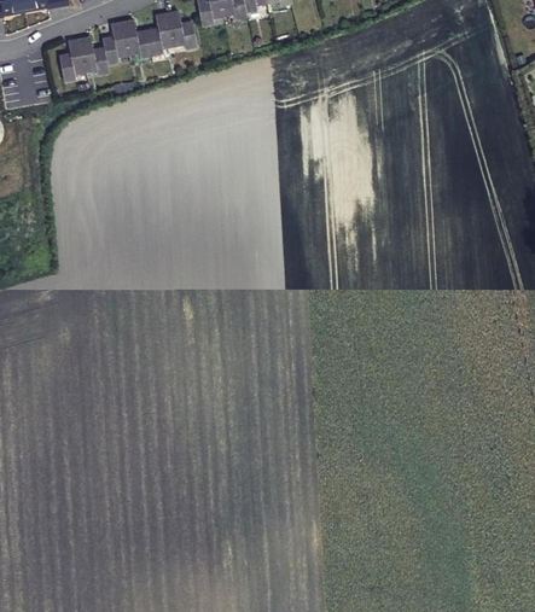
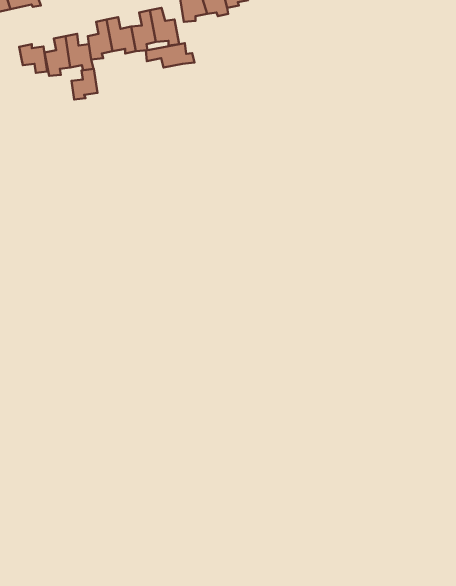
building: none -> [146,43,194,67]
building: none -> [19,44,47,73]
building: none -> [71,69,98,99]

